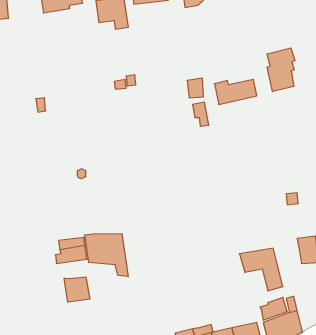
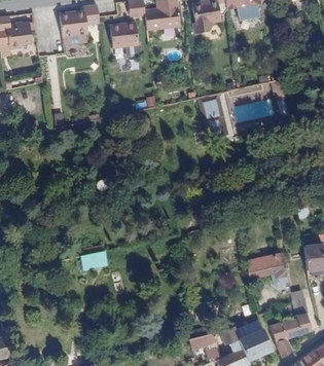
building: [267,48,295,92] -> none
building: [85,234,128,277] -> none
building: [64,277,90,302] -> none

